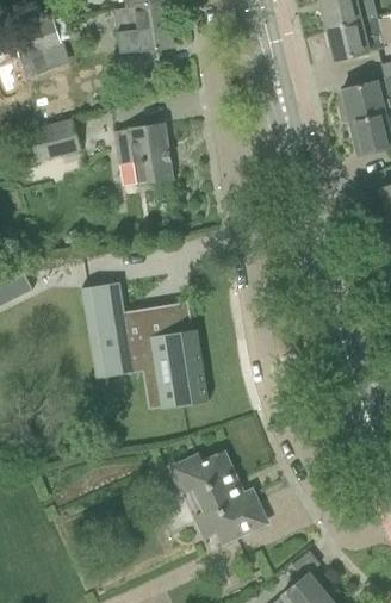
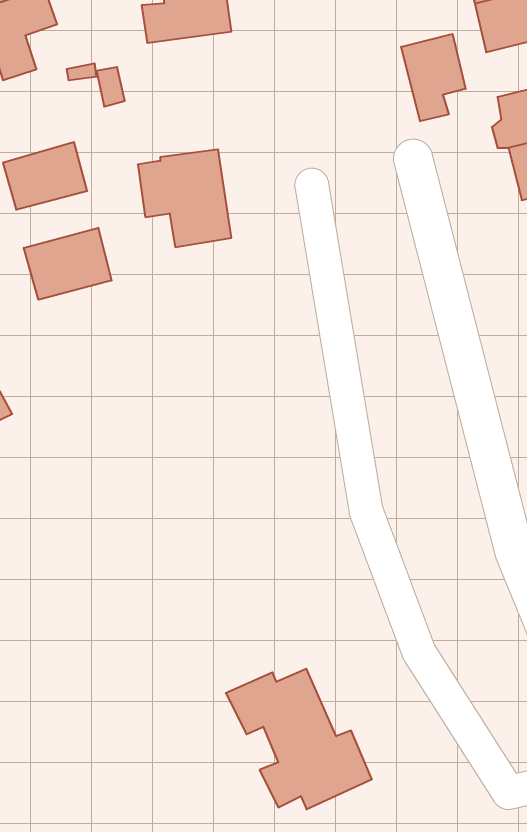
building: none -> [401,34,466,121]
building: none -> [24,228,112,300]
building: [80,281,207,408] -> none

